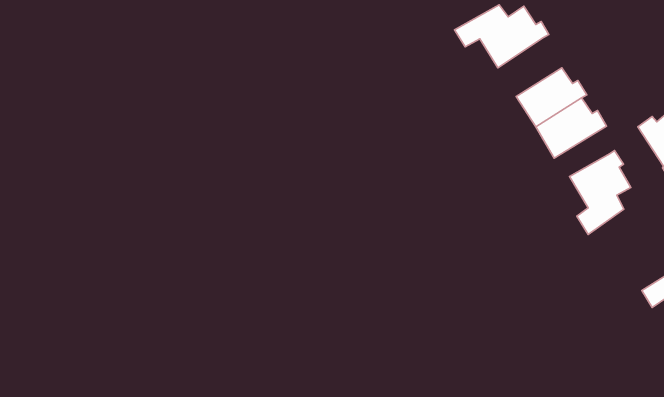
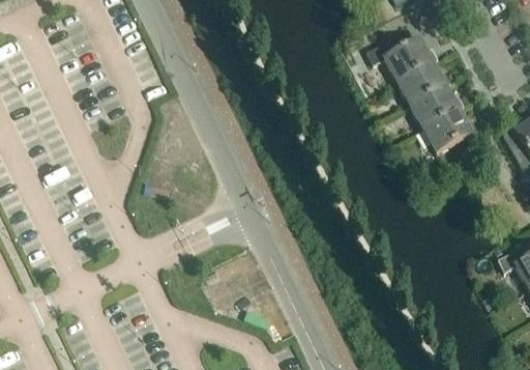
building: none -> [398,61,450,105]
building: [569,151,631,235] -> none

